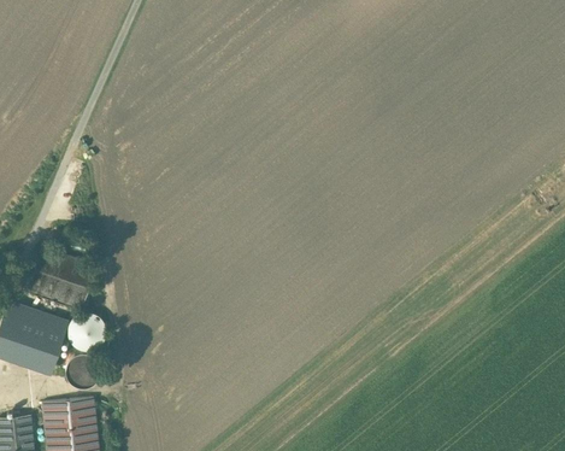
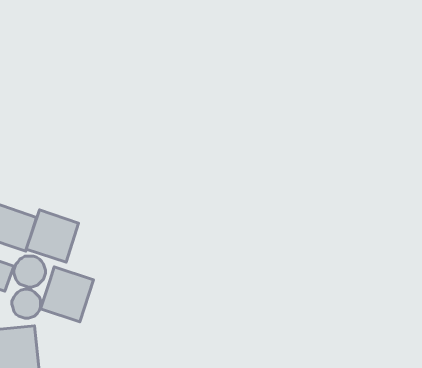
building: none -> [26,210,79,262]
building: none -> [41,267,94,322]

